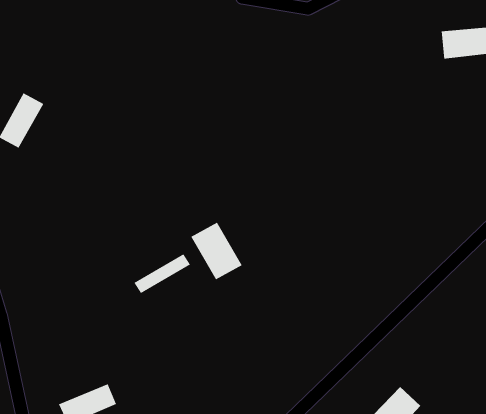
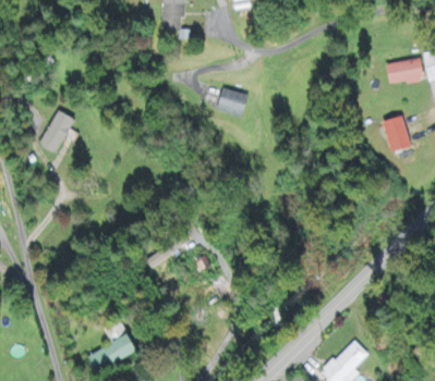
building: none -> [217,89,245,114]
building: none -> [380,114,409,150]
building: [191,222,242,280] -> none

